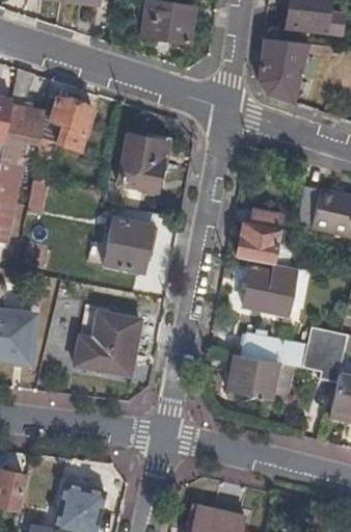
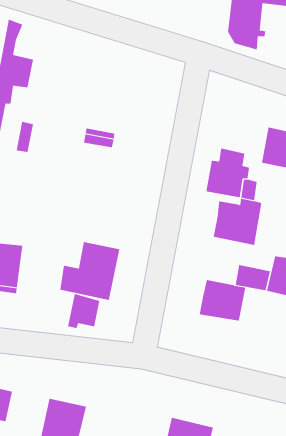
building: [38,97,93,161] -> none
building: [118,134,165,189] -> none
building: [105,219,153,271] -> none
building: none -> [68,293,100,329]

